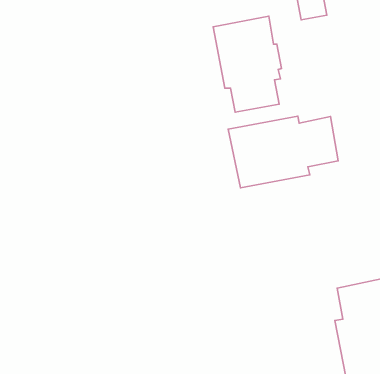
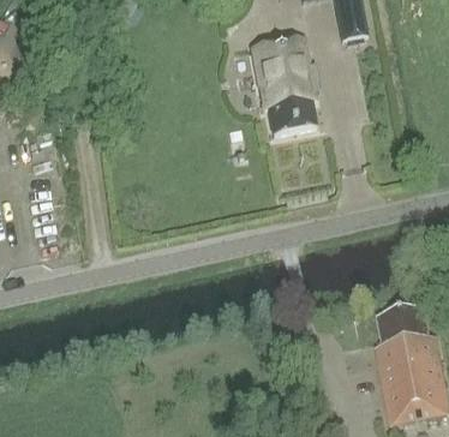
building: [228,116,338,188] -> none

